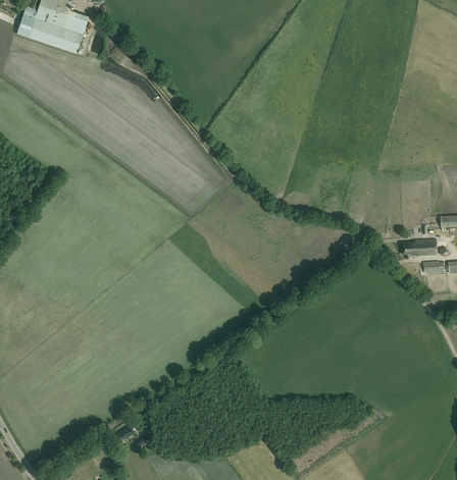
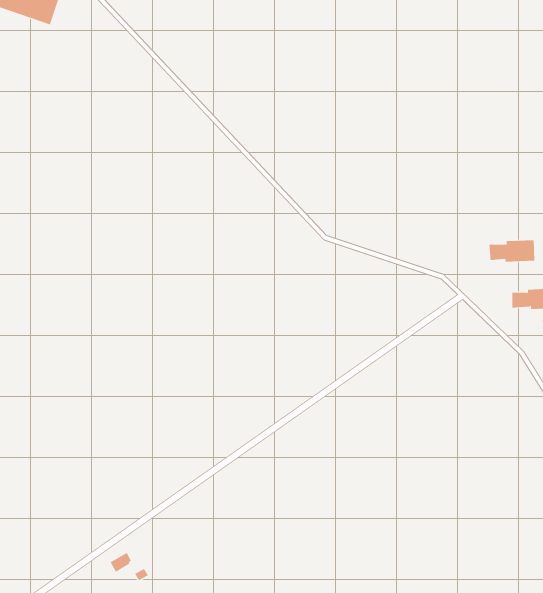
building: none -> [489,239,535,263]

